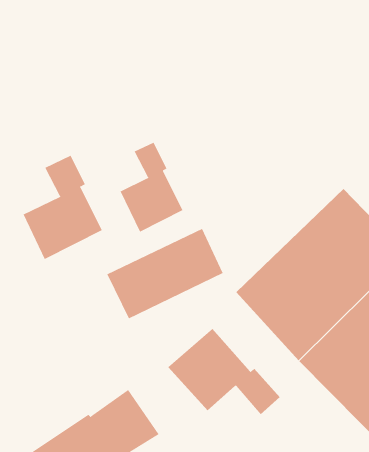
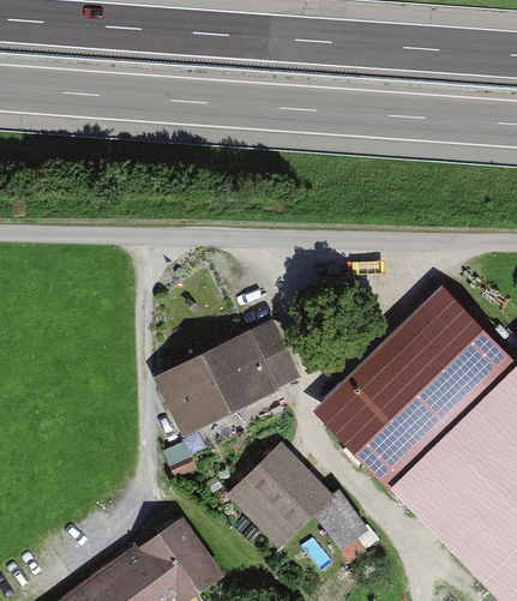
building: [120,142,183,233] -> none
building: [23,155,103,260] -> none

